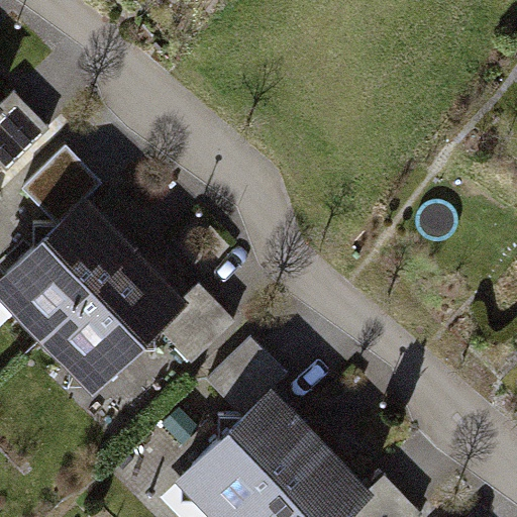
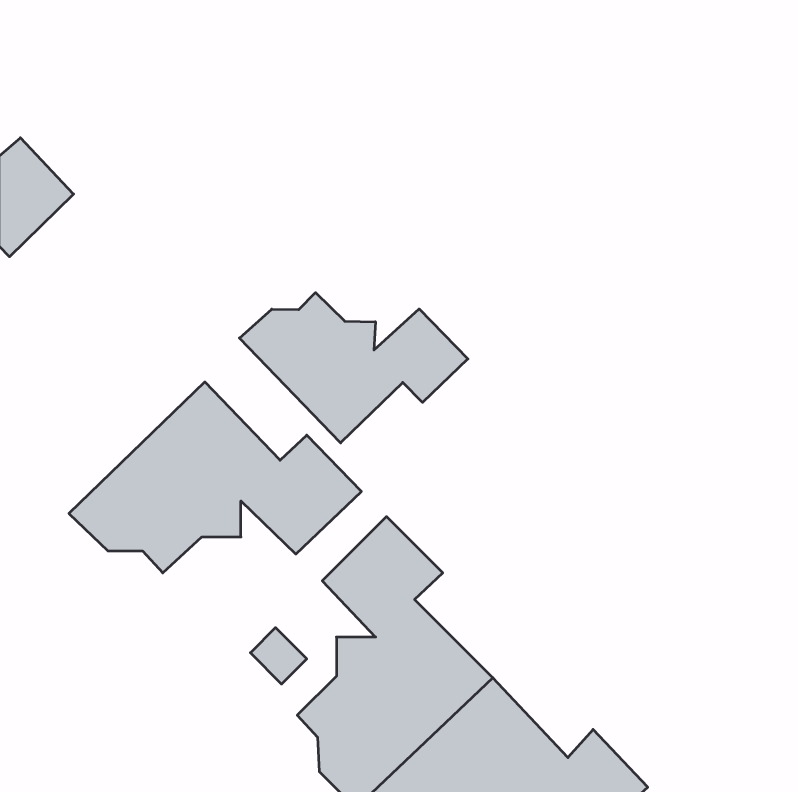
building: [7,147,132,336] -> none
building: none -> [239,293,468,443]

